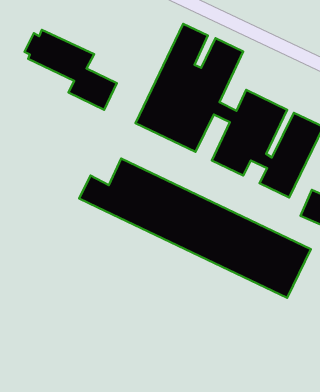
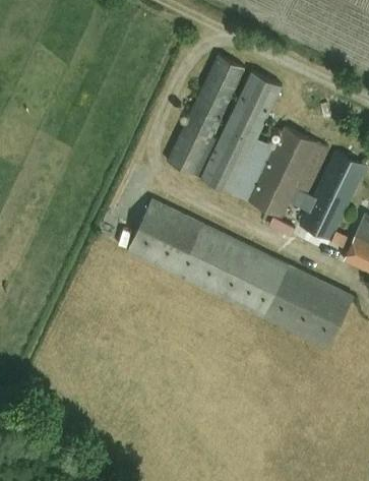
building: [25,30,117,110] -> none

